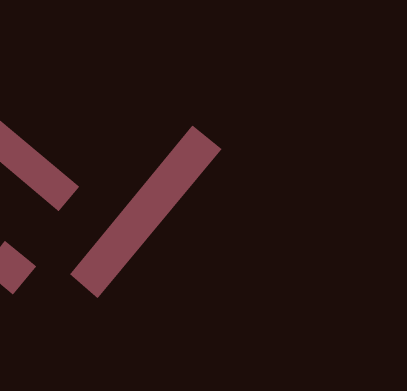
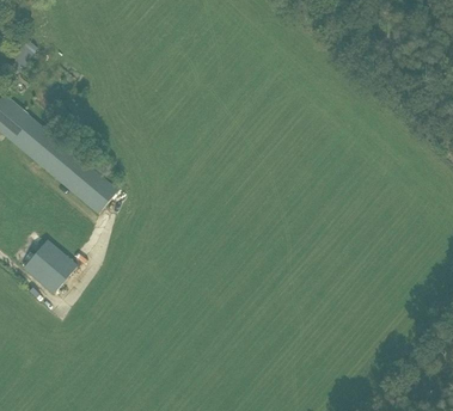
building: [69,125,222,299] -> none

